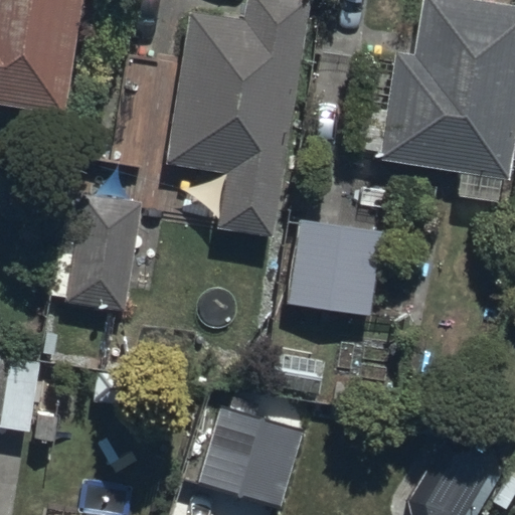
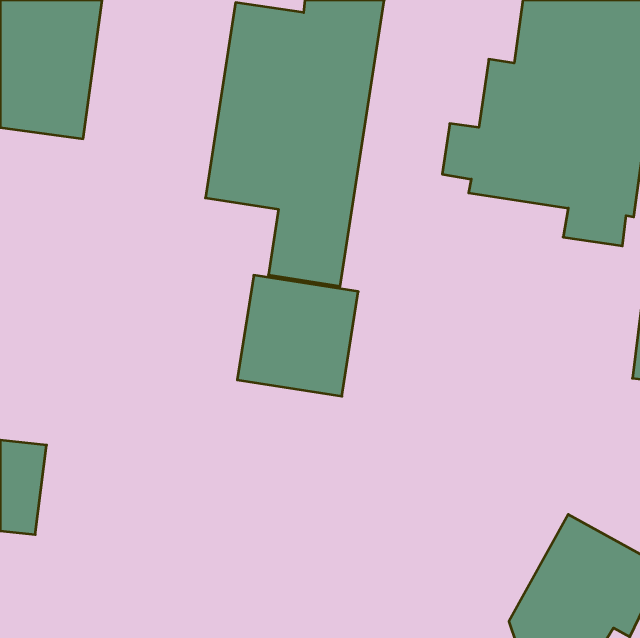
building: [65,204,145,311] -> none
building: [287,219,383,316] -> [237,275,358,396]
building: [194,397,302,508] -> none

